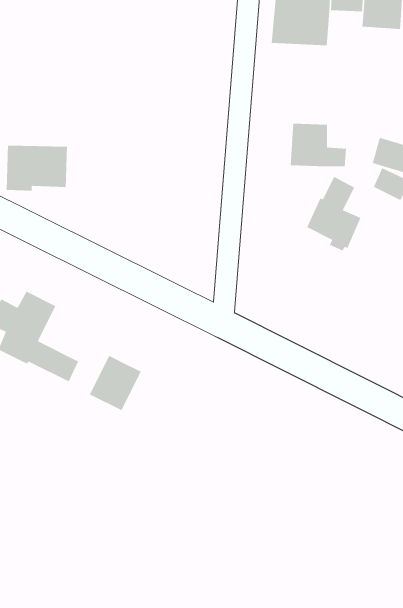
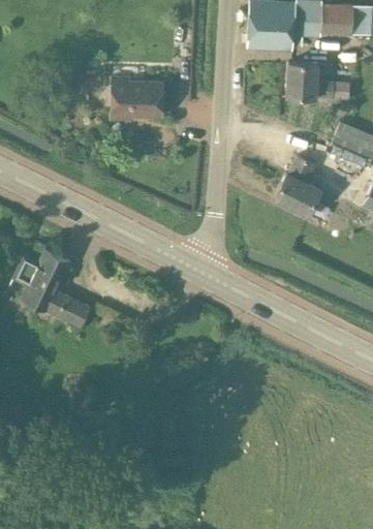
building: [290,123,347,167] -> [286,62,333,98]
building: [6,145,68,192] -> [112,82,162,120]
building: [89,355,142,411] -> none

